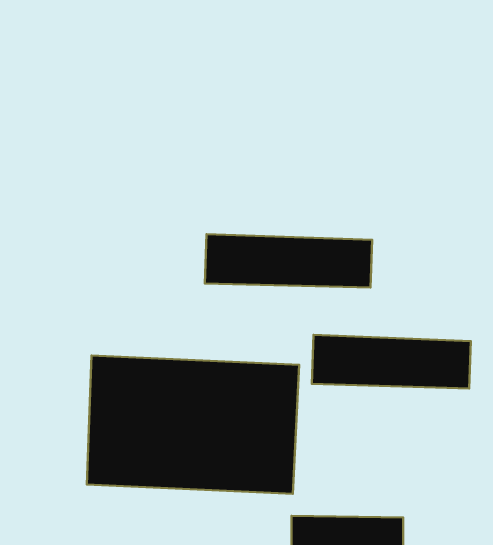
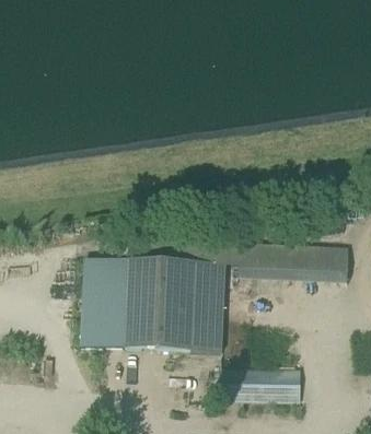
building: [205,234,372,288] -> none

